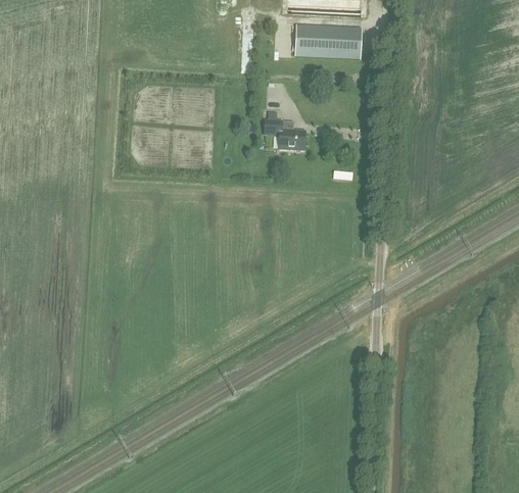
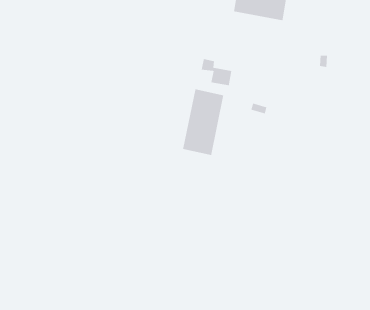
building: none -> [183,89,224,156]

